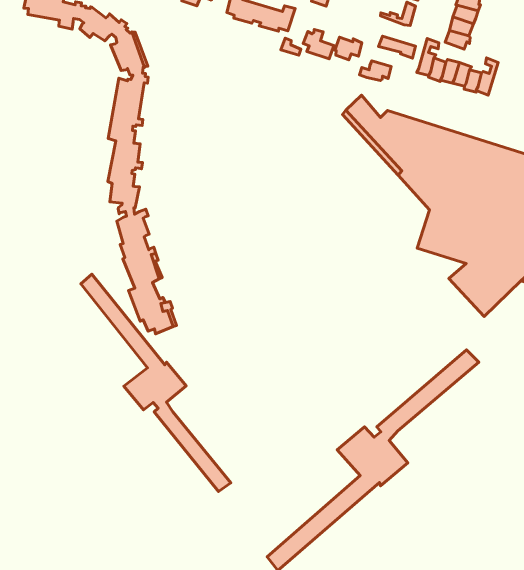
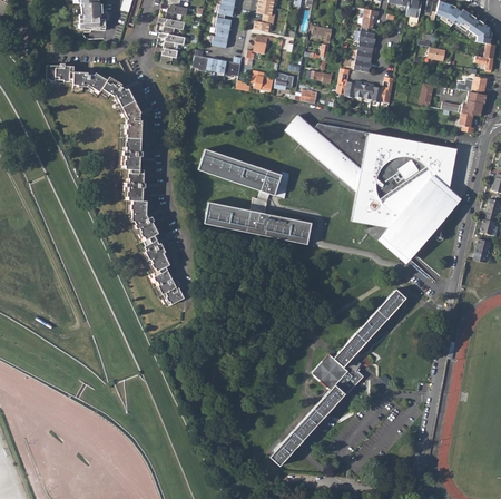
building: none -> [198,149,312,244]
building: [81,274,231,492] -> none

